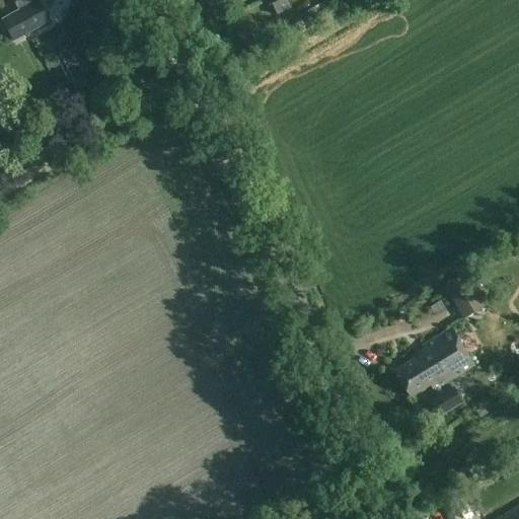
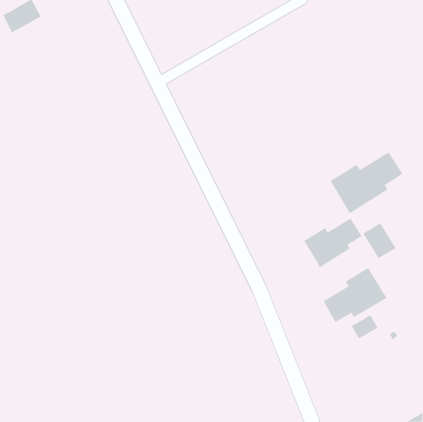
building: none -> [330,152,403,214]
building: none -> [304,218,362,268]

